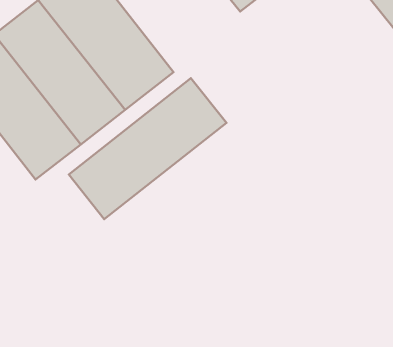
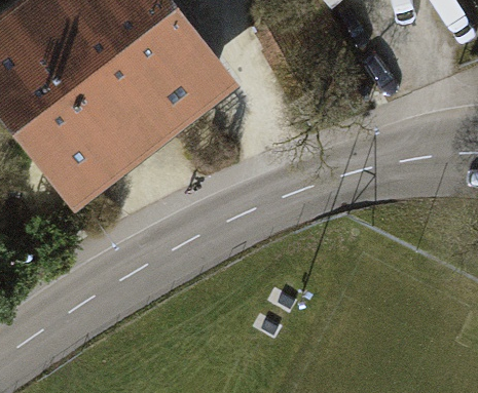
building: [69,78,226,219] -> none

